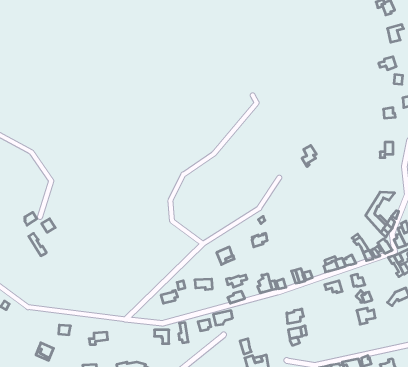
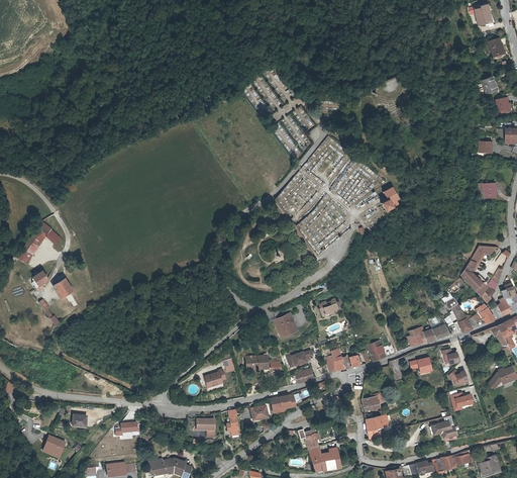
building: none -> [20,221,63,265]
building: none -> [430,419,458,442]

